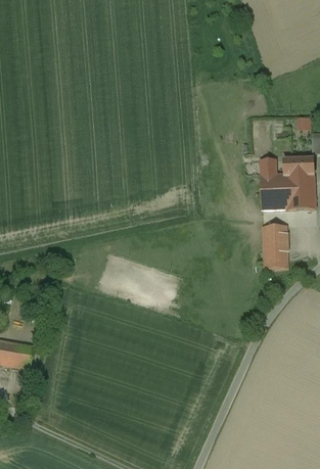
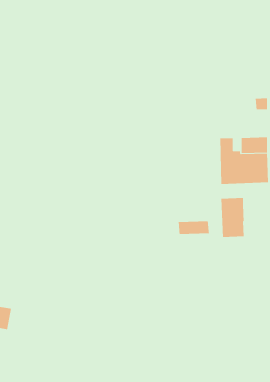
building: none -> [178,220,209,235]

